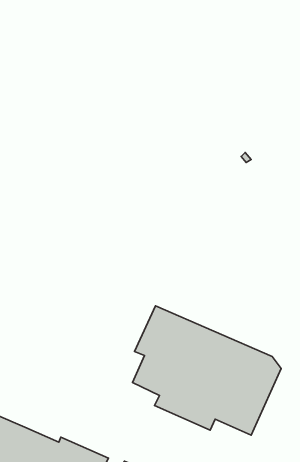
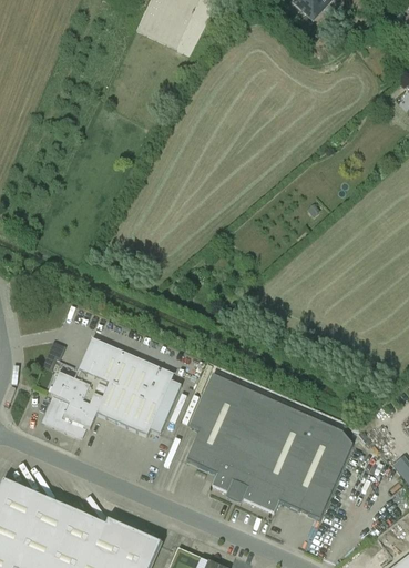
building: none -> [44,337,182,437]

